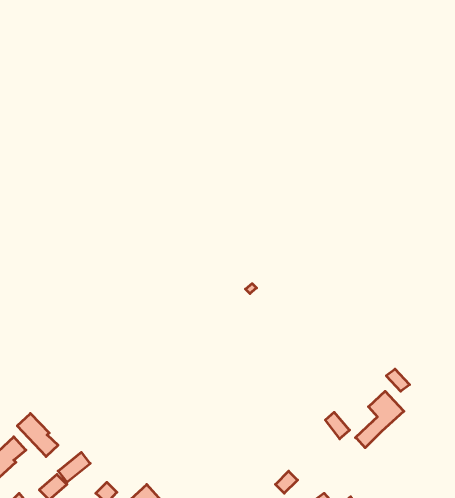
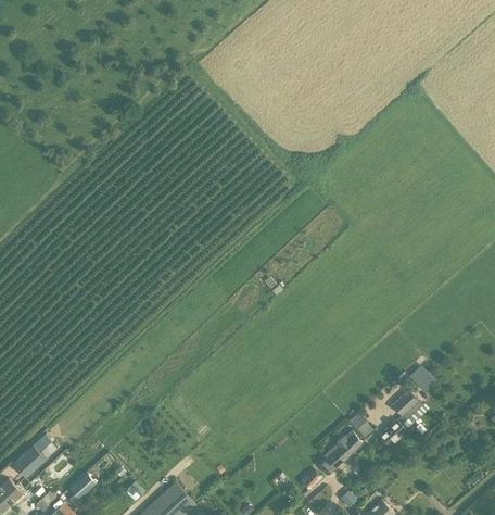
building: [17,413,58,457] -> none
building: none -> [317,430,360,475]

